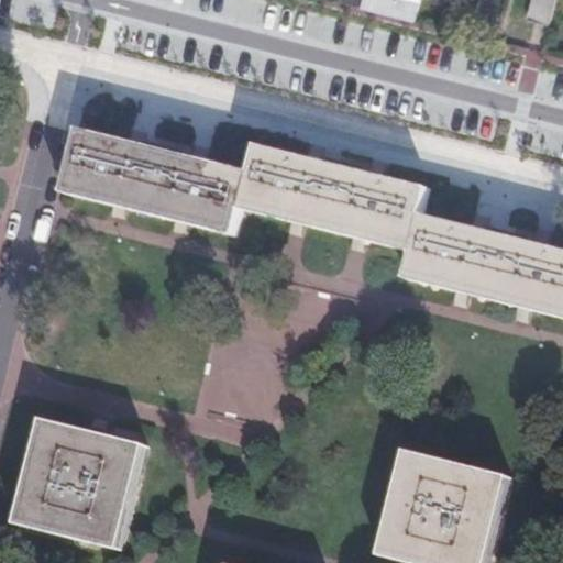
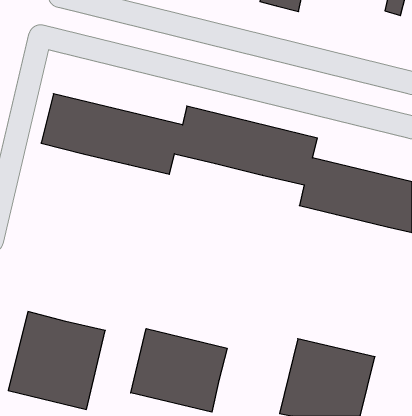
building: none -> [131,329,227,412]

